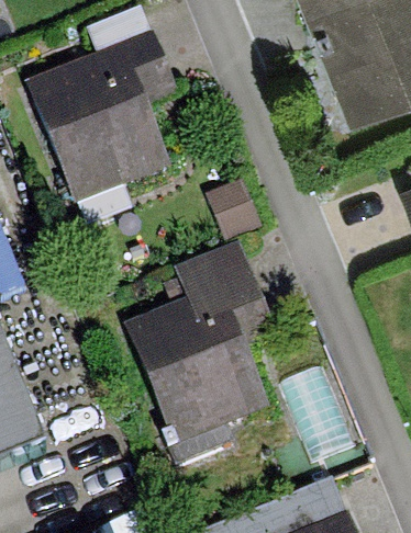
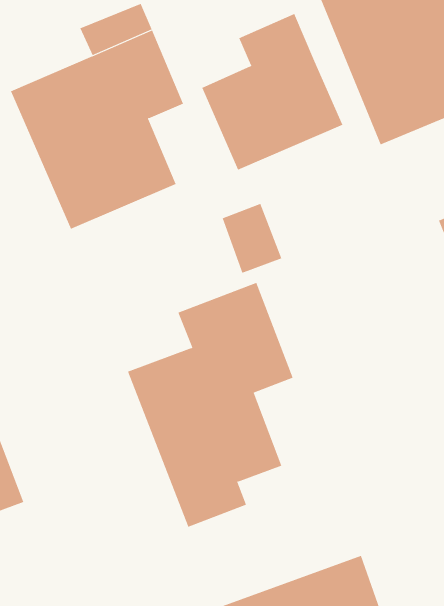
building: none -> [201,13,343,171]

